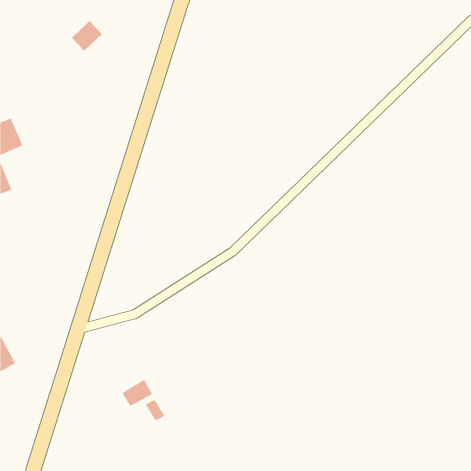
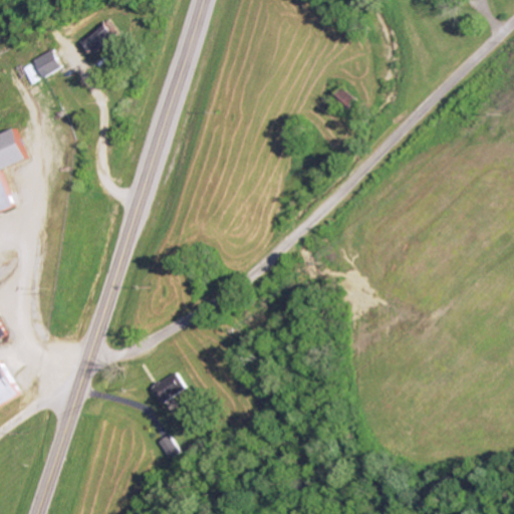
building: none -> [31,50,58,77]
building: [121,379,153,407] -> [152,372,186,403]

